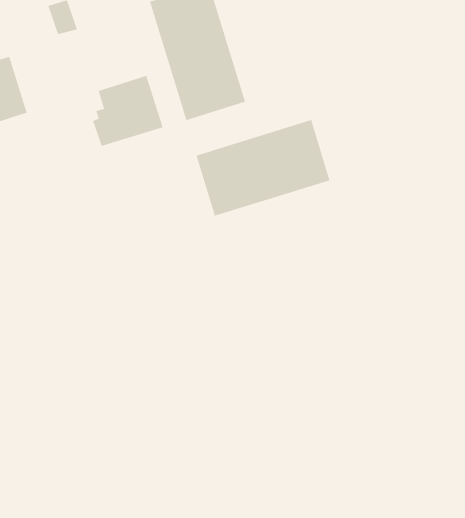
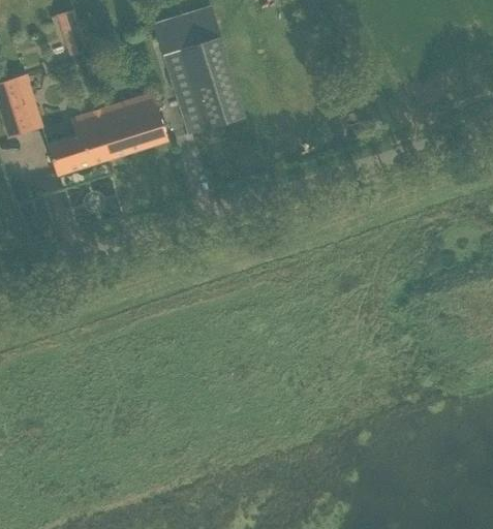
building: none -> [48,107,113,177]
building: [196,119,330,217] -> none

